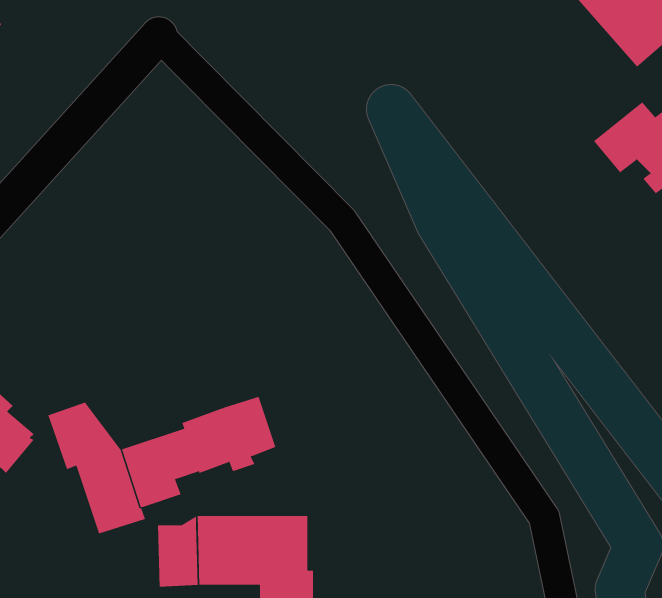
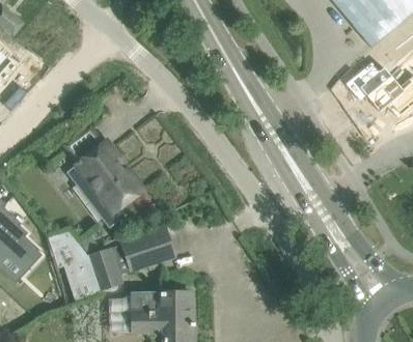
building: none -> [66,130,142,228]

